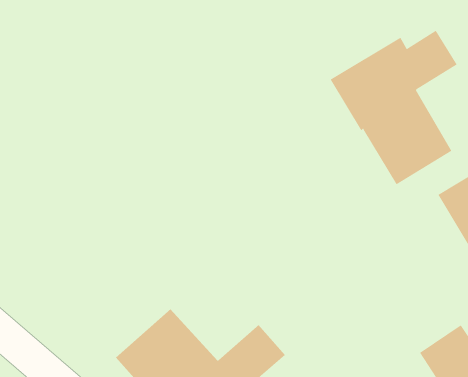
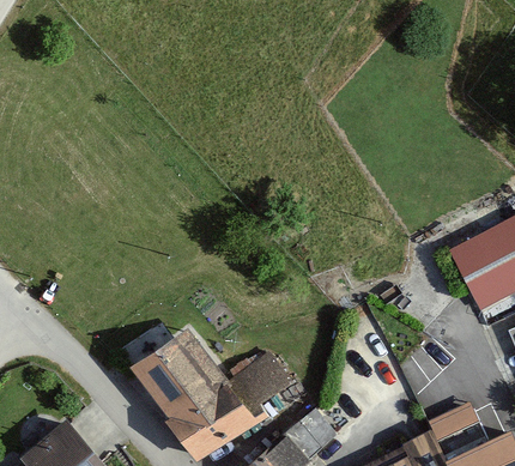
building: [330,30,457,185] -> none

